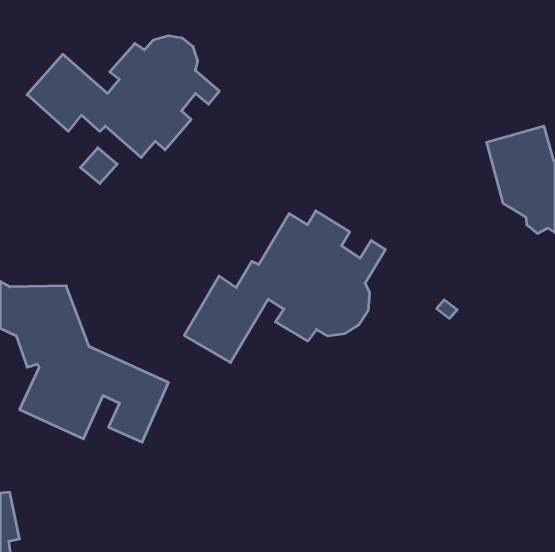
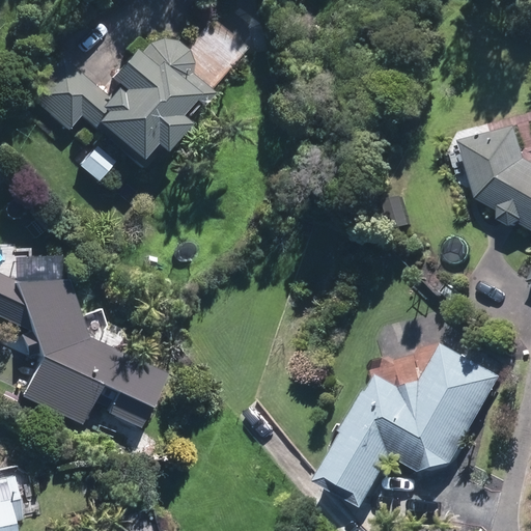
building: [184,211,385,363] -> none
building: none -> [318,341,504,507]

